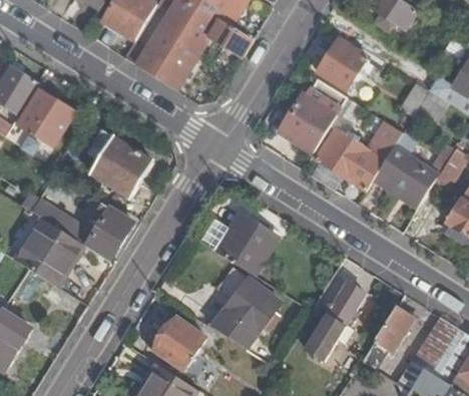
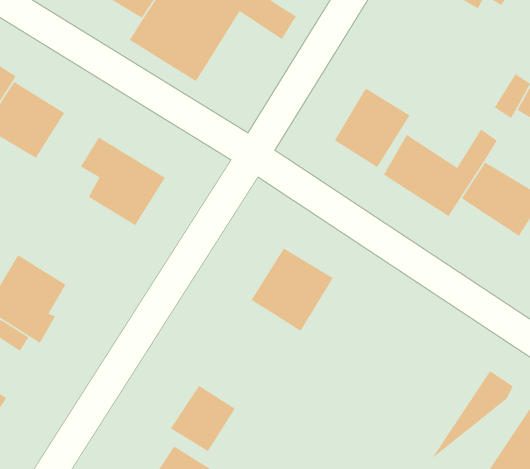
building: [316,35,369,90] -> none
building: [31,201,131,260] -> none
building: [213,279,280,351] -> none
building: [306,282,366,359] -> none

